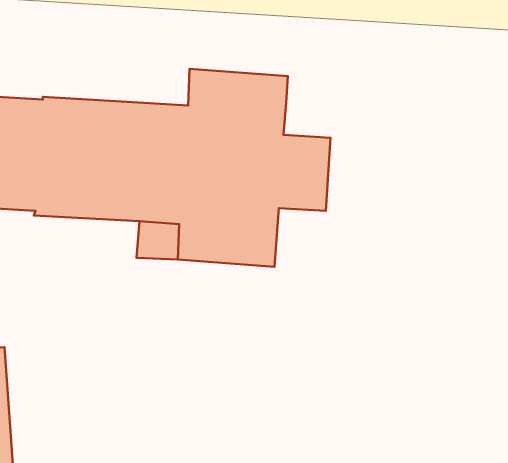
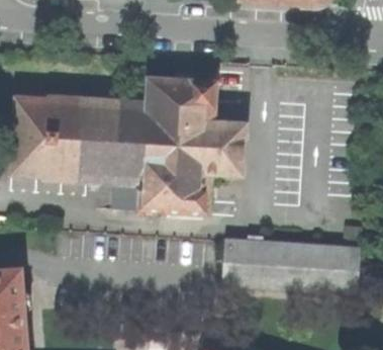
building: none -> [223,240,358,291]

